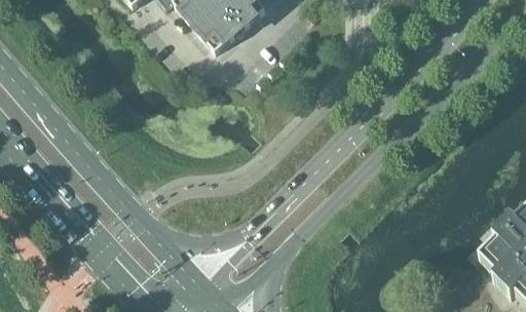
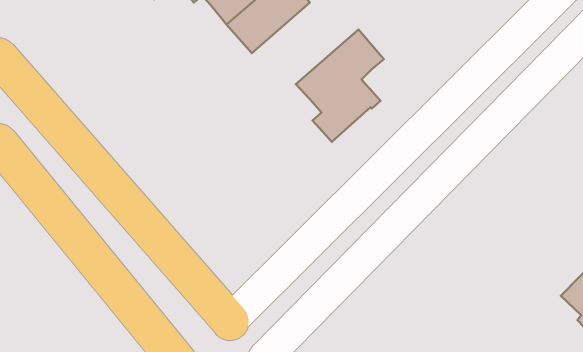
building: none -> [296,30,384,142]

